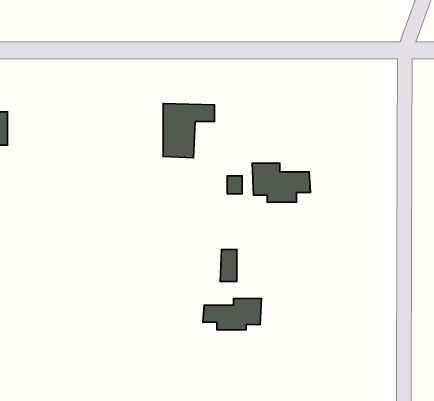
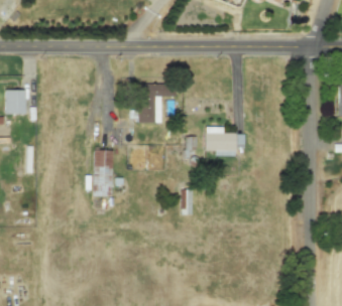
building: none -> [93,149,113,196]
building: [203,298,262,330] -> none

